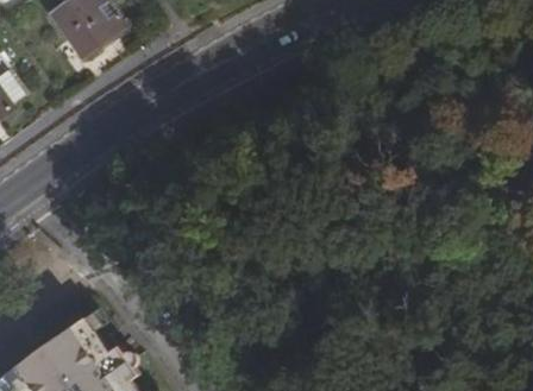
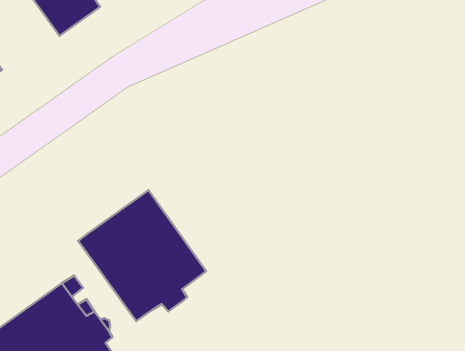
building: none -> [78,190,206,321]

